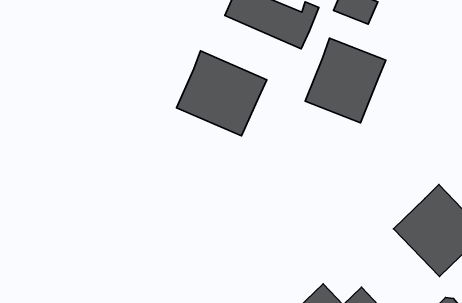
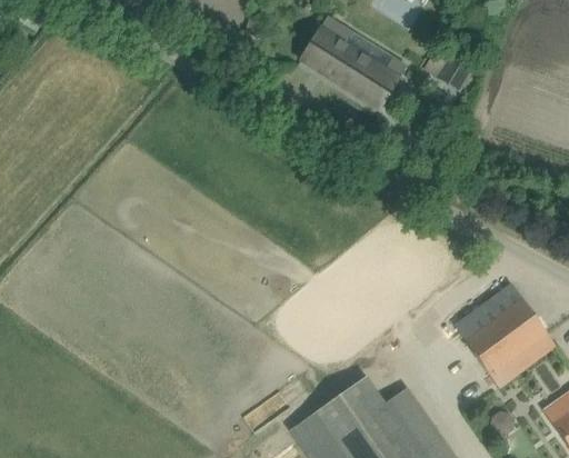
building: [305,38,386,123] -> none
building: [176,51,267,136] -> none

